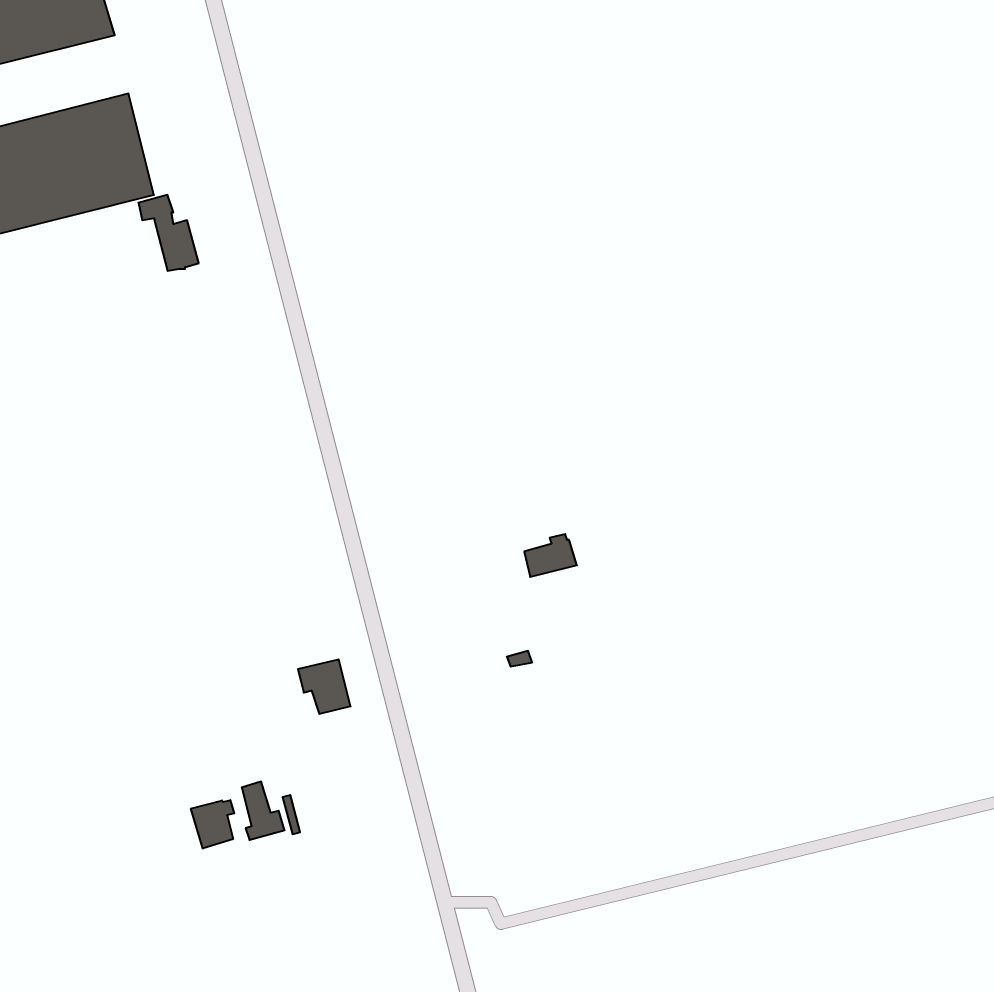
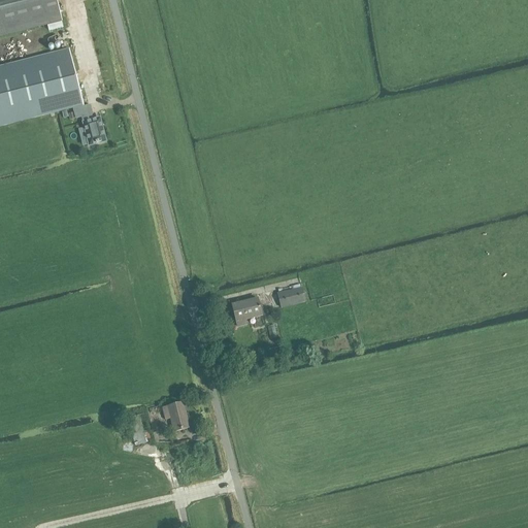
building: none -> [231,297,262,326]
building: [298,659,351,714] -> [162,401,190,430]
building: [191,800,234,849] -> none

